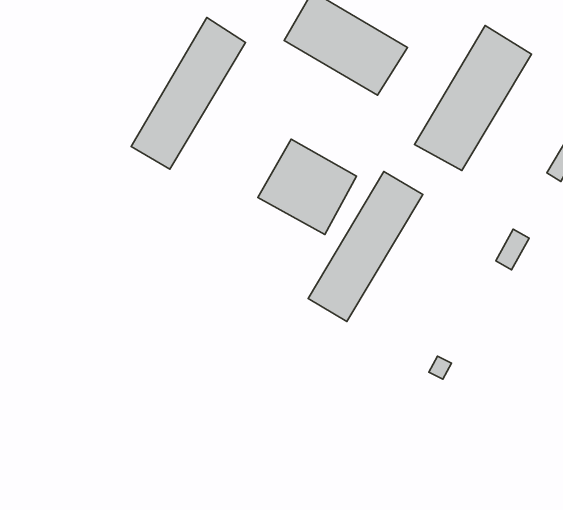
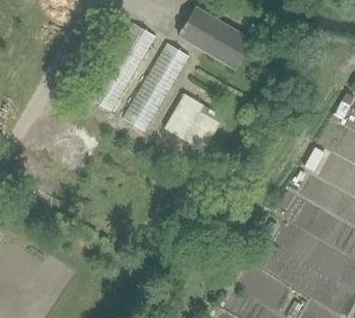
building: [414,25,532,171] -> none
building: [308,172,423,321] -> [121,42,189,131]

